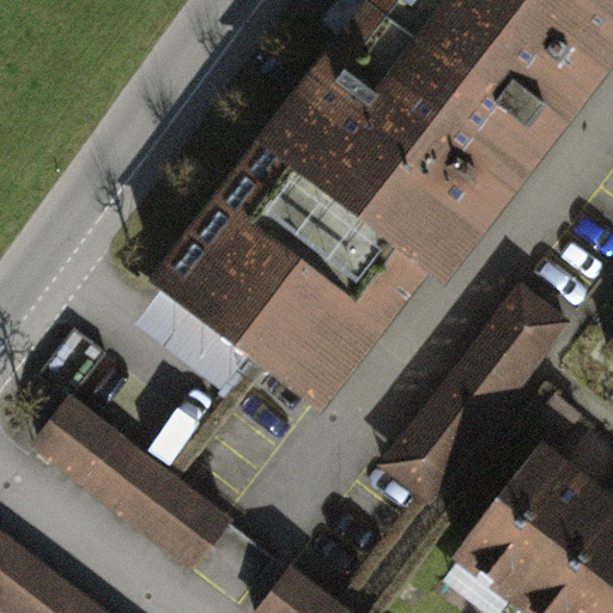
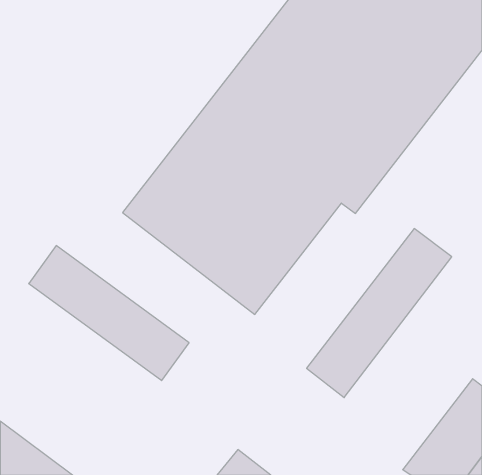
building: [37,408,241,579] -> [29,246,189,381]
building: [453,433,600,595] -> none

